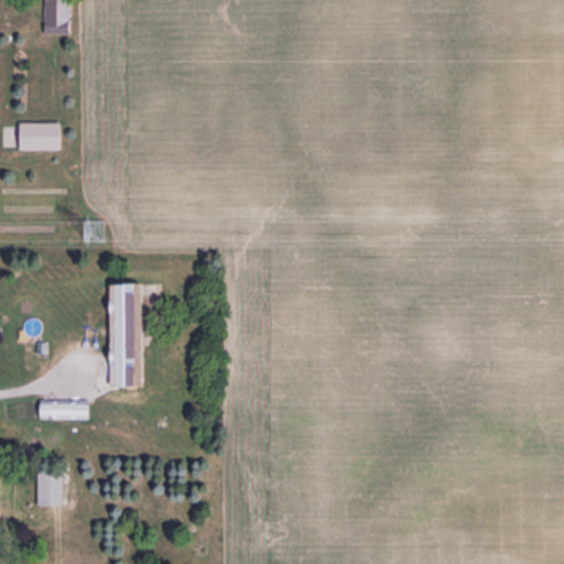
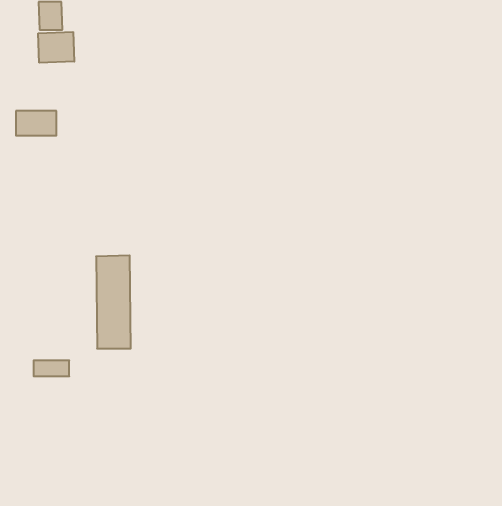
building: none -> [38,32,74,63]
building: [36,473,63,506] -> none

